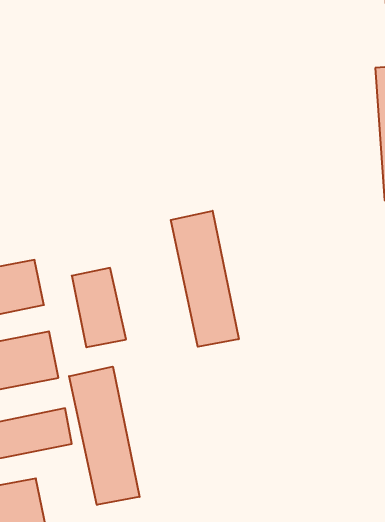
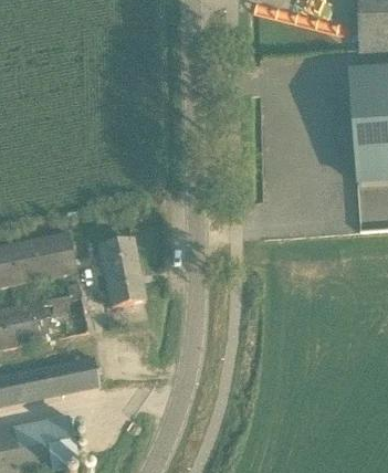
building: [171,211,239,347] -> none
building: [69,367,140,505] -> none

